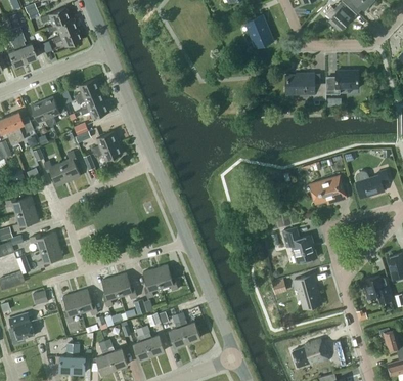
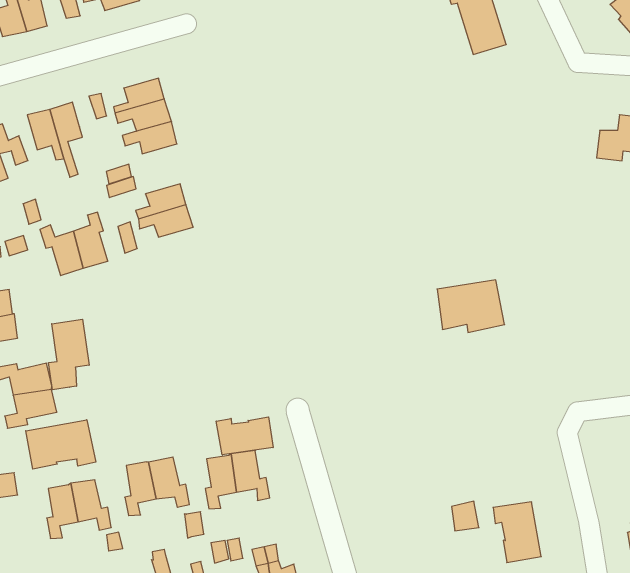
building: [284,74,325,100] -> none
building: [309,176,346,205] -> [437,280,505,332]
building: none -> [49,319,89,390]
building: [281,228,316,263] -> none
building: none -> [216,417,273,455]
building: none -> [26,420,96,469]

